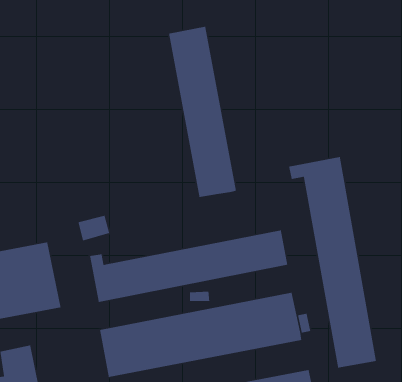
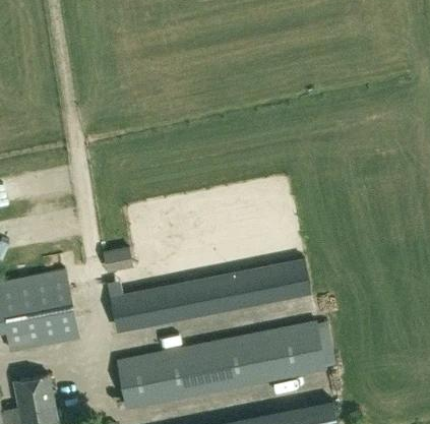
building: [168,26,237,198] -> none
building: [288,156,377,369] -> none

